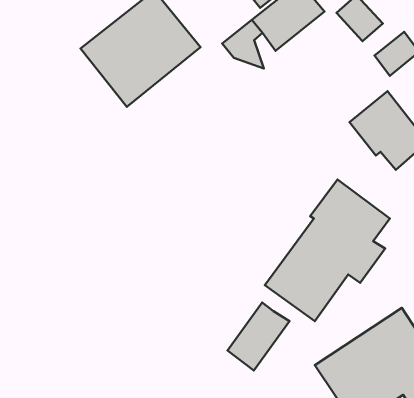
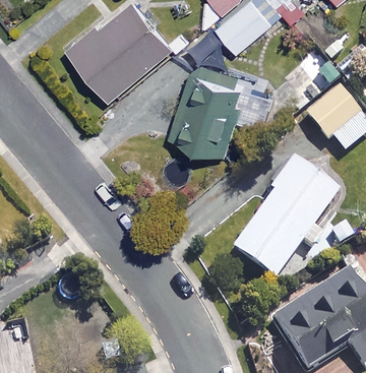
building: none -> [169,59,269,153]
building: [227,303,289,371] -> none

